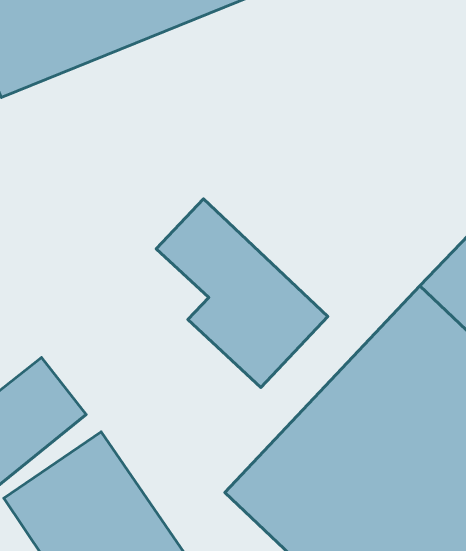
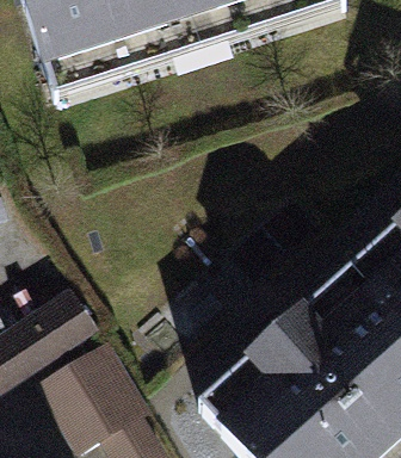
building: [156,199,328,387] -> none

